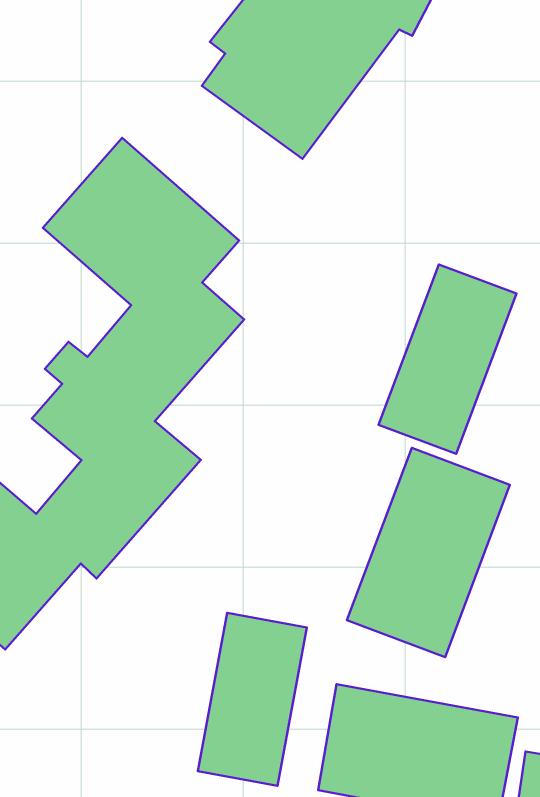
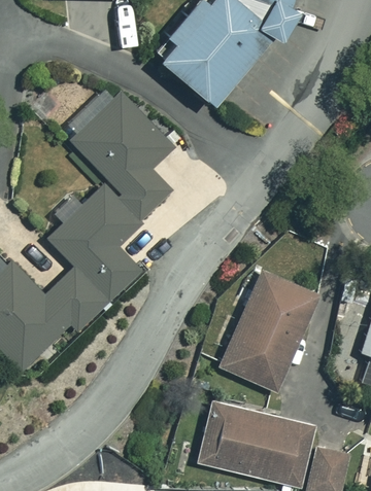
building: [379,265,516,454] -> none
building: [198,613,307,786] -> none

